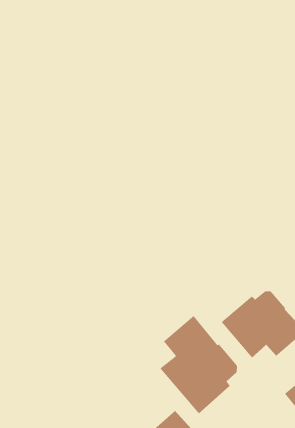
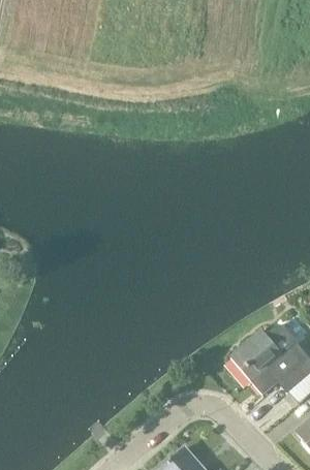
building: [159,315,237,414] -> none

